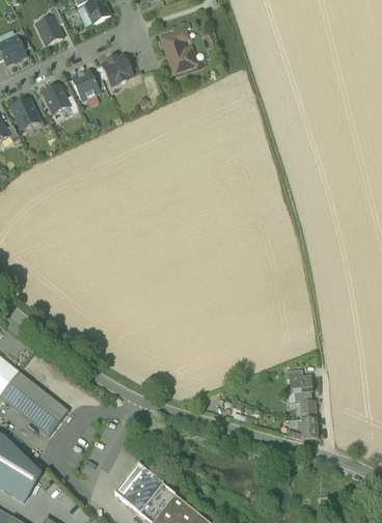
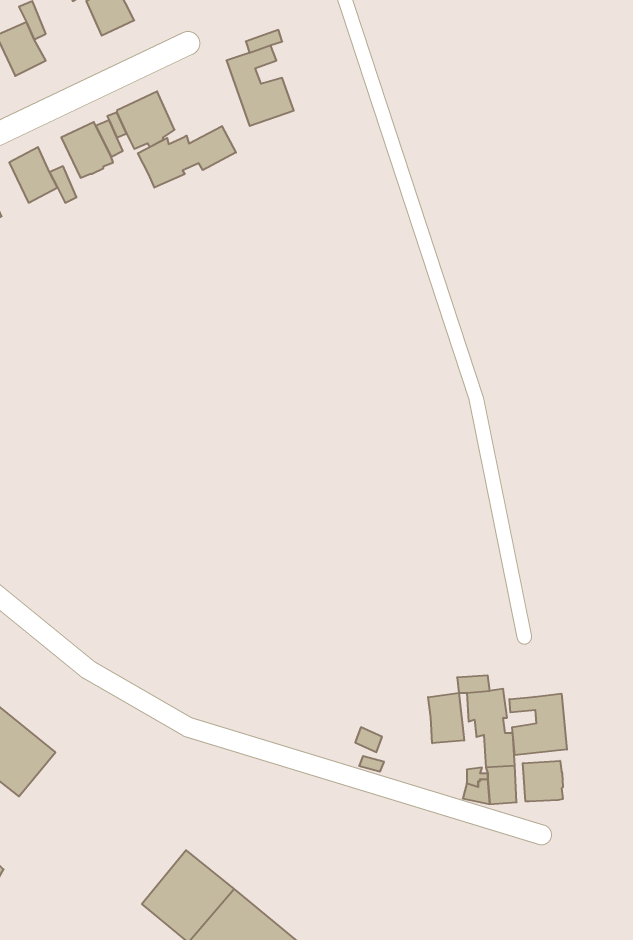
building: none -> [138,126,236,188]
building: none -> [428,693,464,743]
building: none -> [509,694,567,755]
building: none -> [523,761,563,801]

